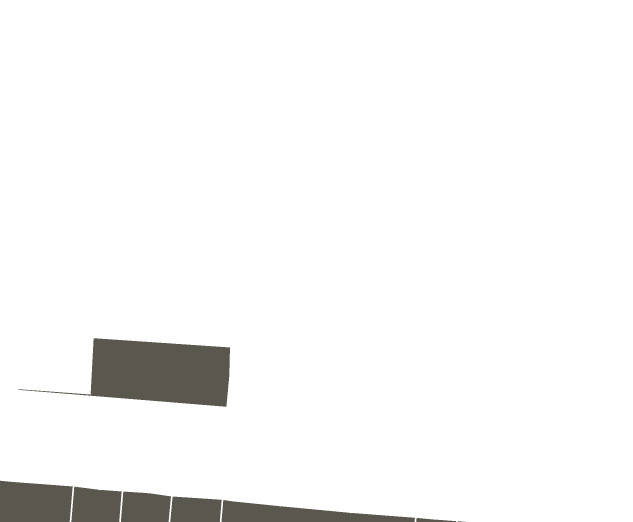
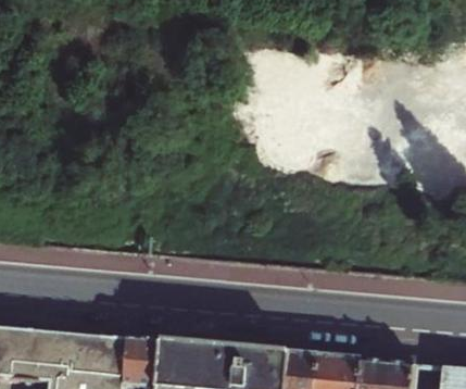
building: [18,337,230,407] -> none

